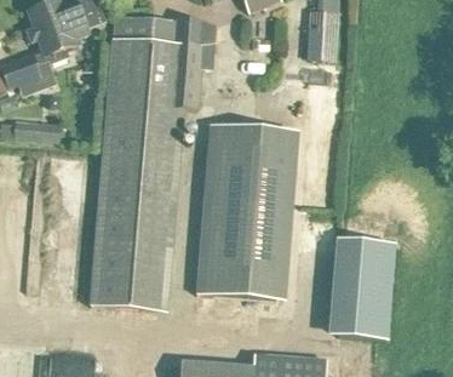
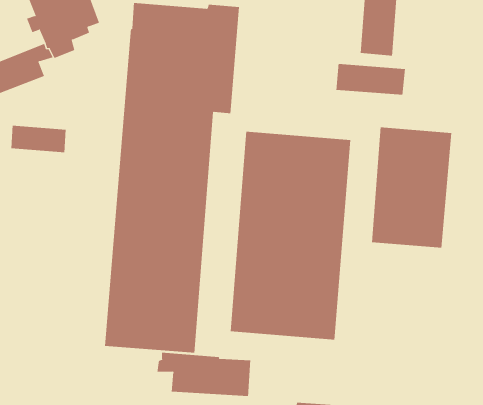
building: none -> [336,63,405,96]
building: [327,238,395,339] -> [371,127,452,248]
building: none -> [157,352,251,397]

